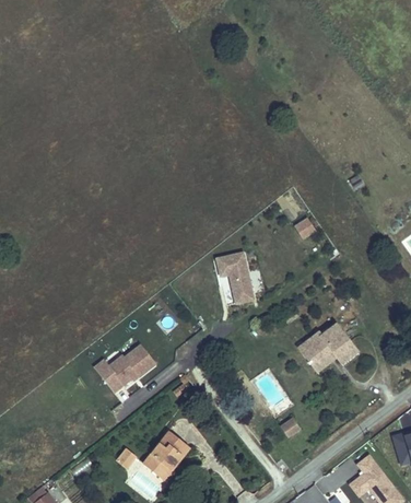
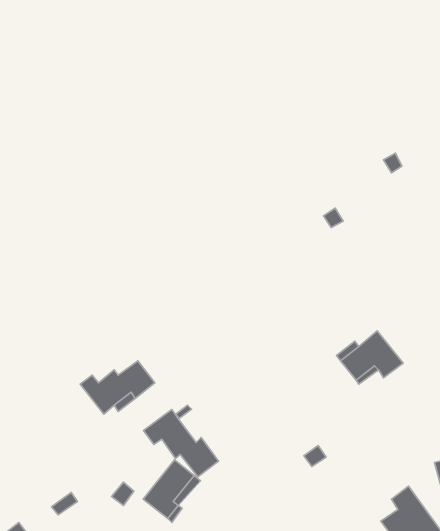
building: [215,252,253,303] -> none
building: none -> [143,409,218,477]

